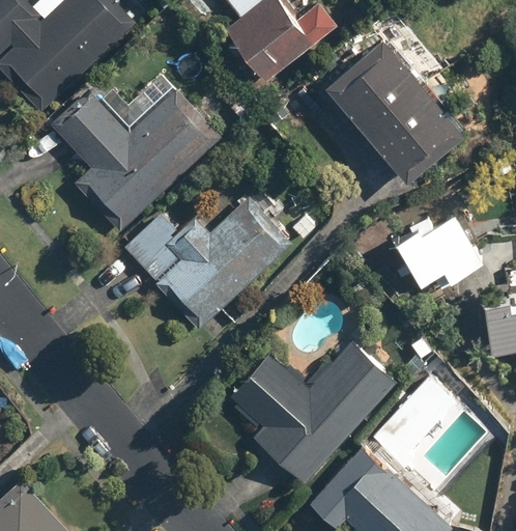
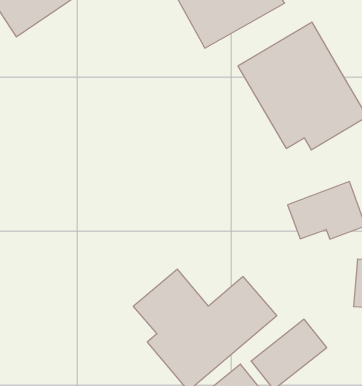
building: [52,84,221,228] -> none
building: [126,193,295,329] -> none

